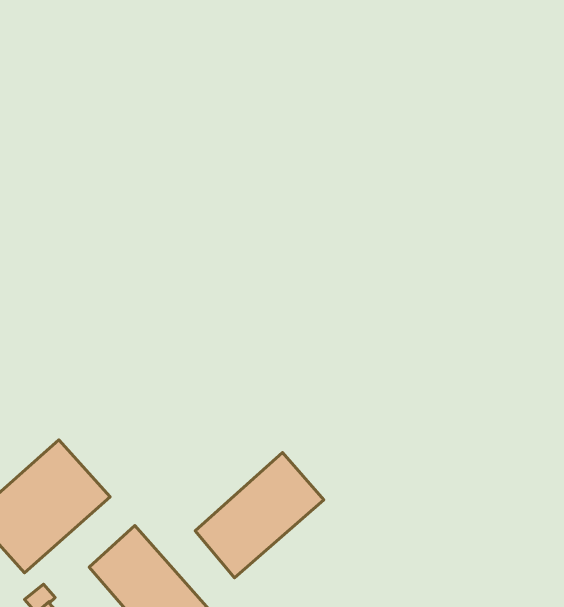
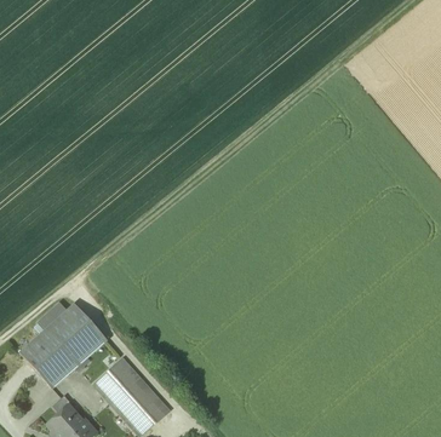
building: [195,453,324,578] -> none

